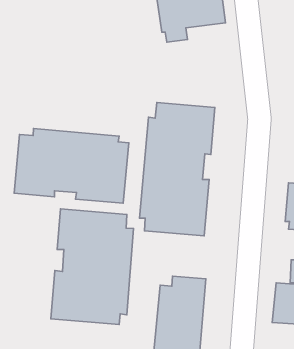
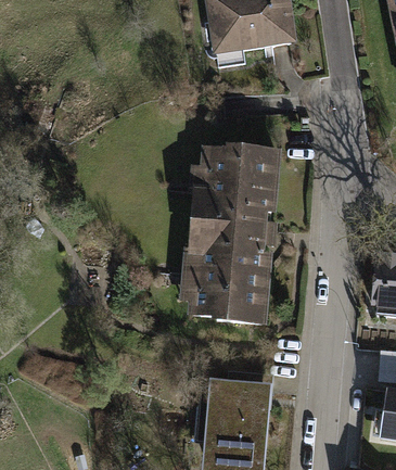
building: [14,129,129,203] -> none
building: [51,209,134,325] -> none

